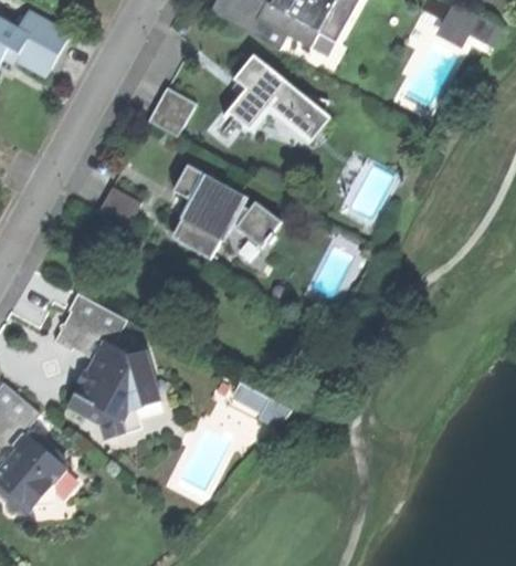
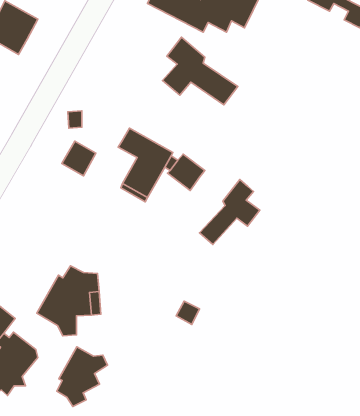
building: [149,87,196,135] -> none
building: none -> [200,179,260,244]
building: [54,292,126,361] -> none
building: none -> [57,347,108,407]

